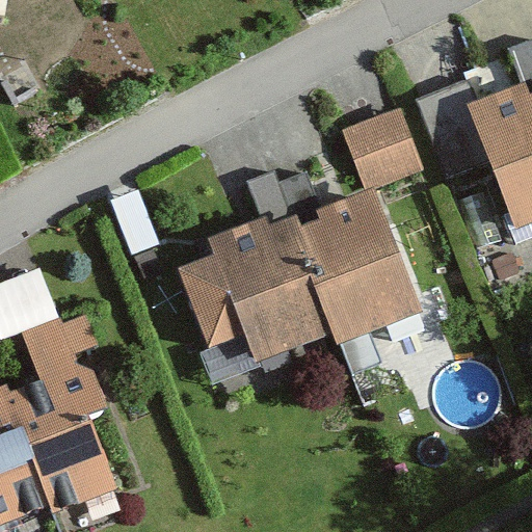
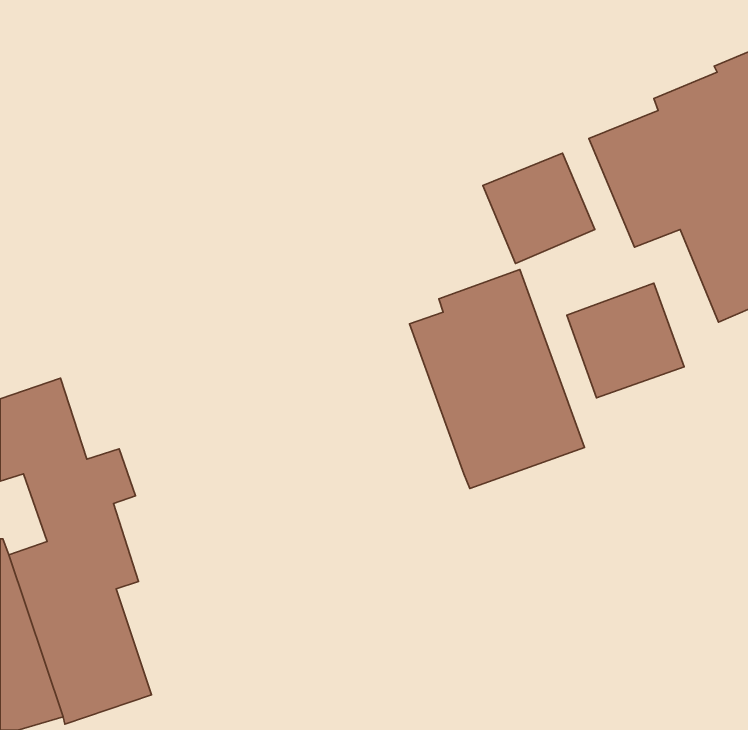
building: none -> [567,283,684,398]
building: [179,218,330,363] -> none

